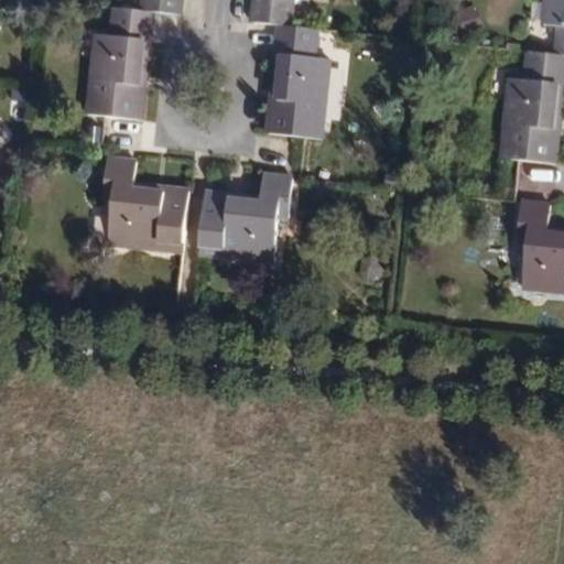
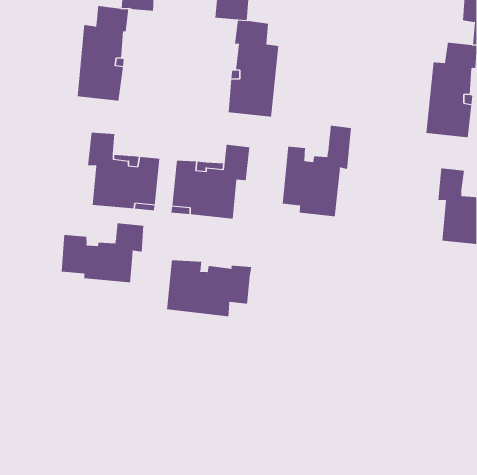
building: none -> [282,125,351,217]
building: none -> [61,223,144,283]
building: none -> [167,259,252,317]

